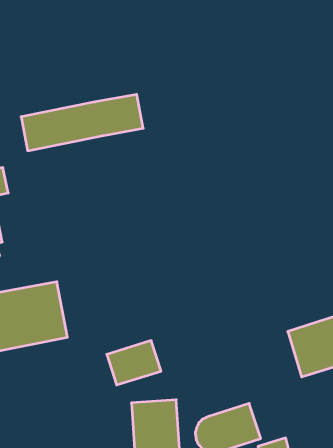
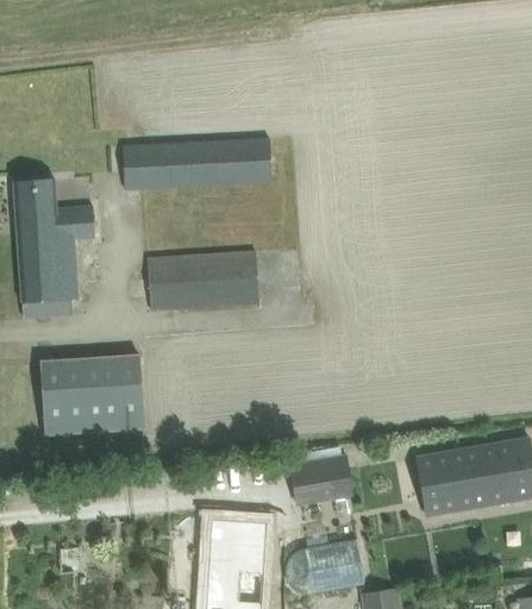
building: none -> [148,251,258,312]
building: [107,341,161,385] -> [288,456,352,504]

